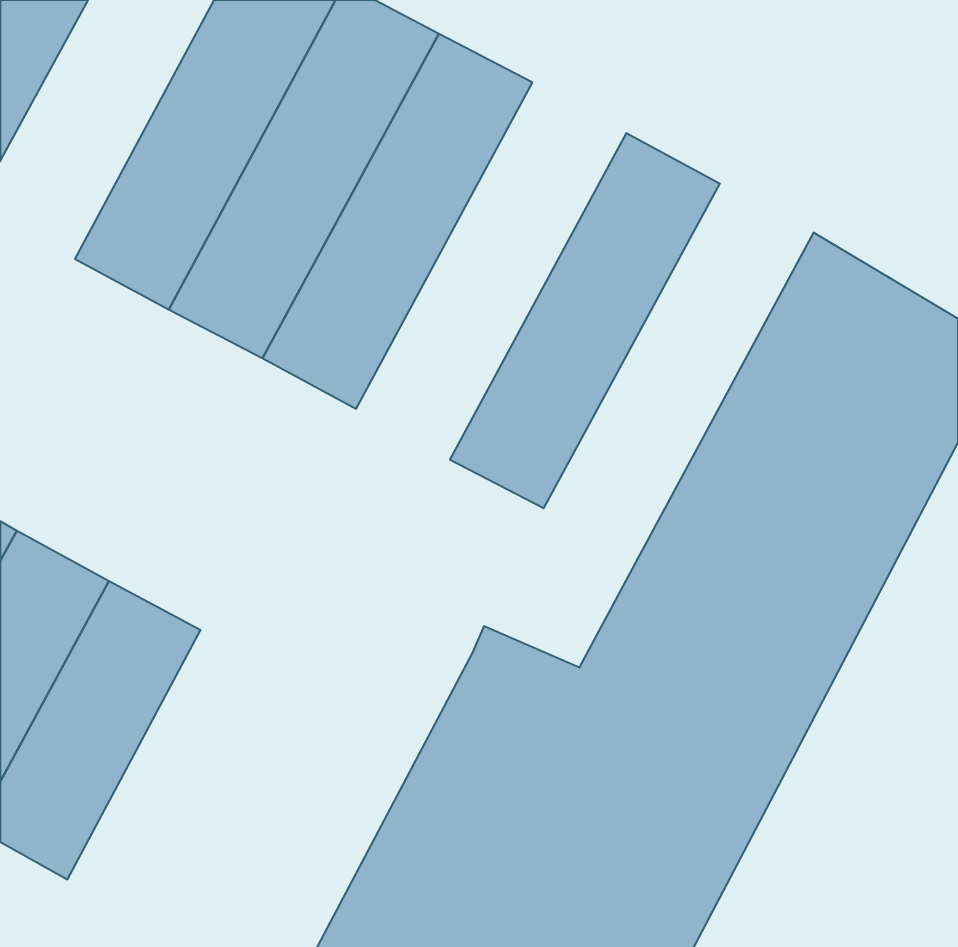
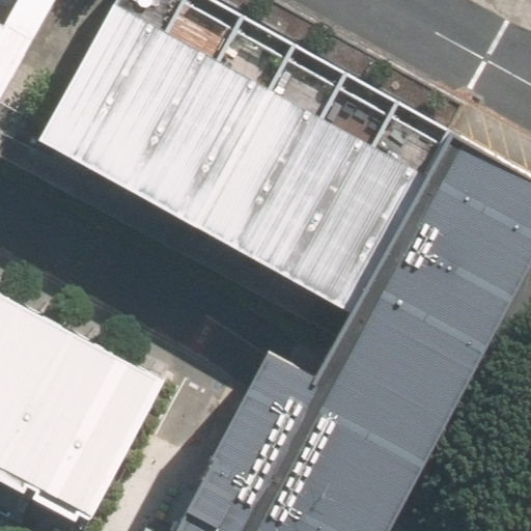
building: none -> [197,52,346,260]
building: none -> [301,108,450,315]
building: none -> [37,355,163,520]

